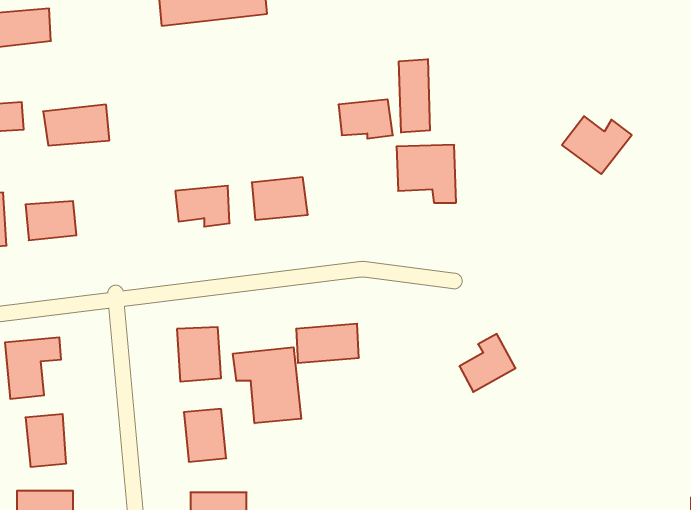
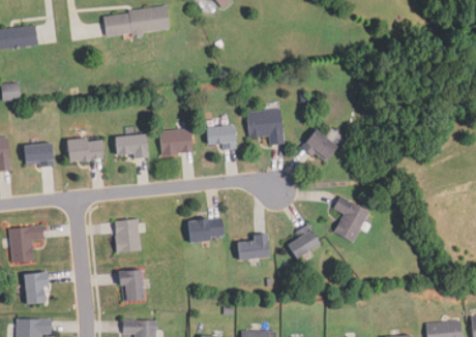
building: [399,59,430,133] -> none
building: [338,99,393,139] -> [204,124,237,148]
building: [43,105,109,146] -> [64,136,105,161]
building: [562,116,632,174] -> [301,127,344,162]
building: none -> [333,196,368,242]
building: [233,347,301,423] -> none
building: none -> [236,234,269,257]

